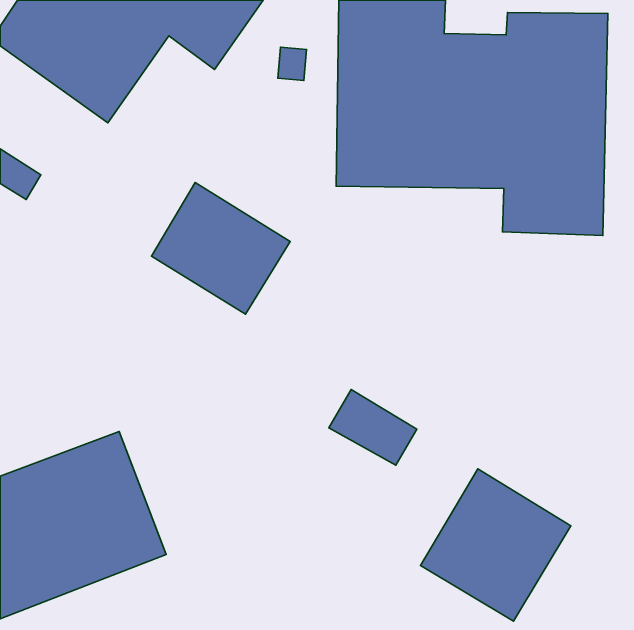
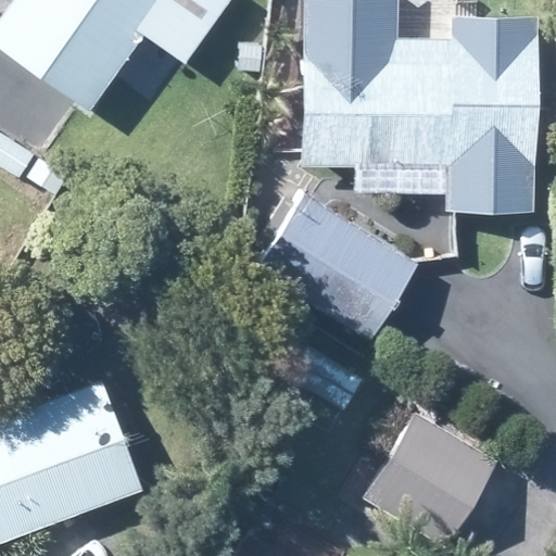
building: [151,183,290,314] -> none
building: none -> [257,191,422,342]

